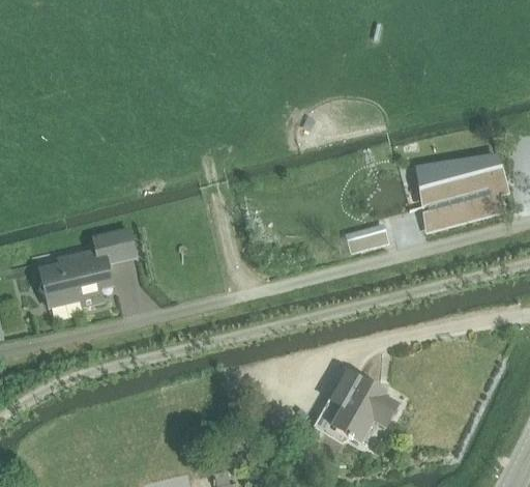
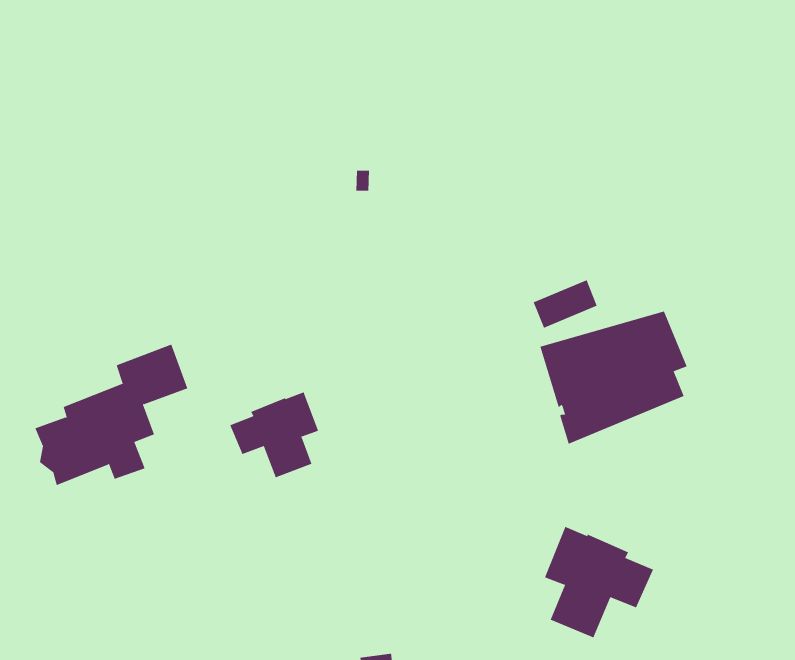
building: [419,155,506,228] -> [540,311,688,445]
building: none -> [230,391,319,478]

